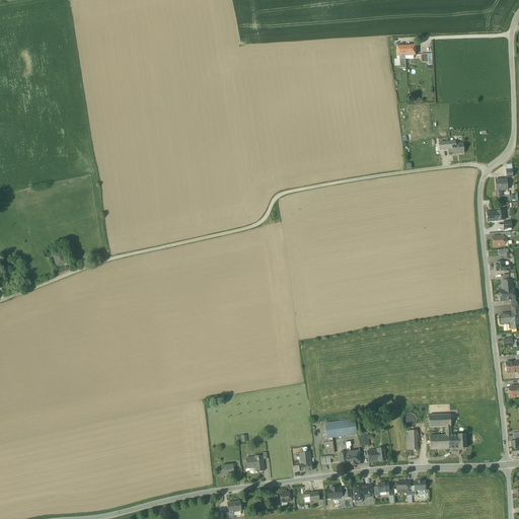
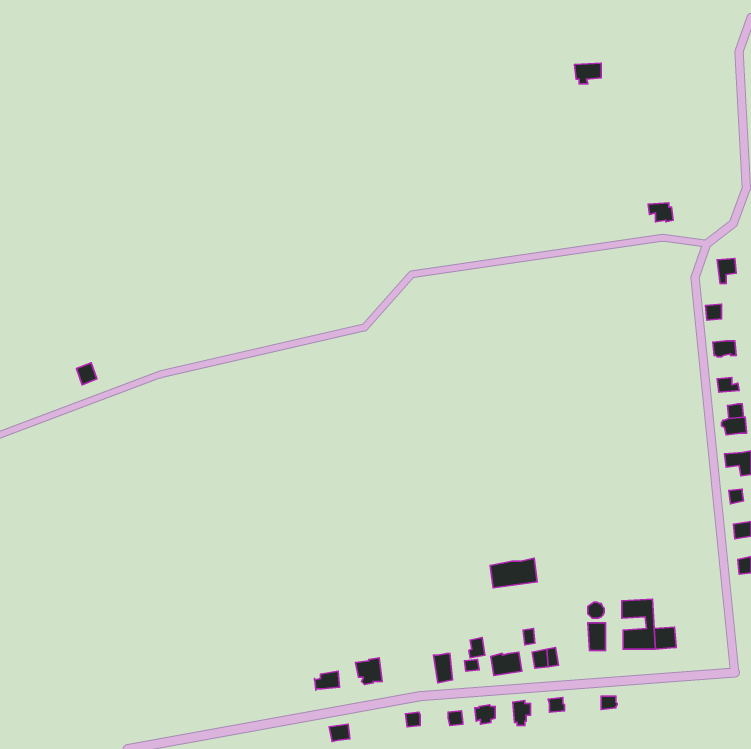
building: [324,418,357,438] -> [490,558,537,588]

